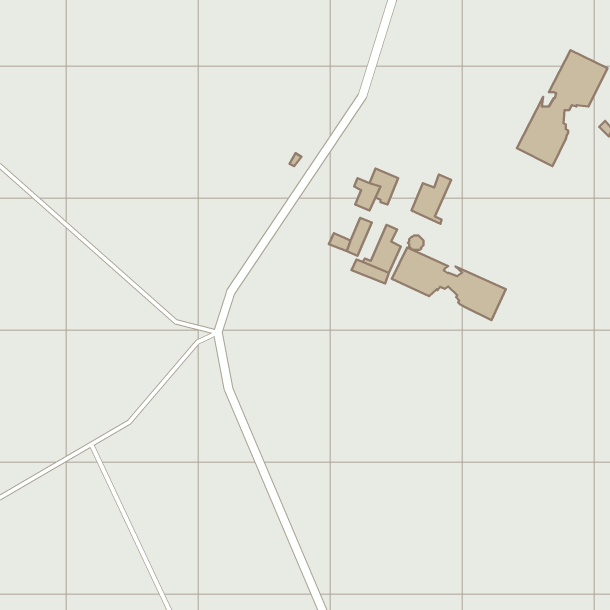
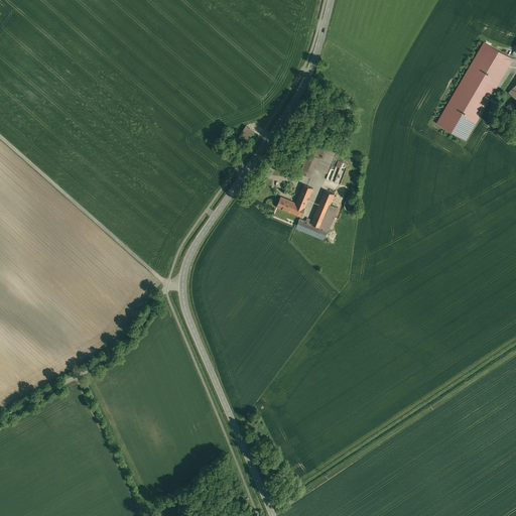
building: [411,175,451,224] -> none
building: [392,248,506,320] -> none

